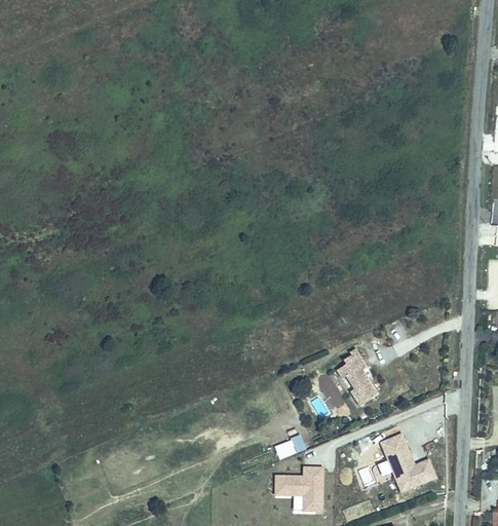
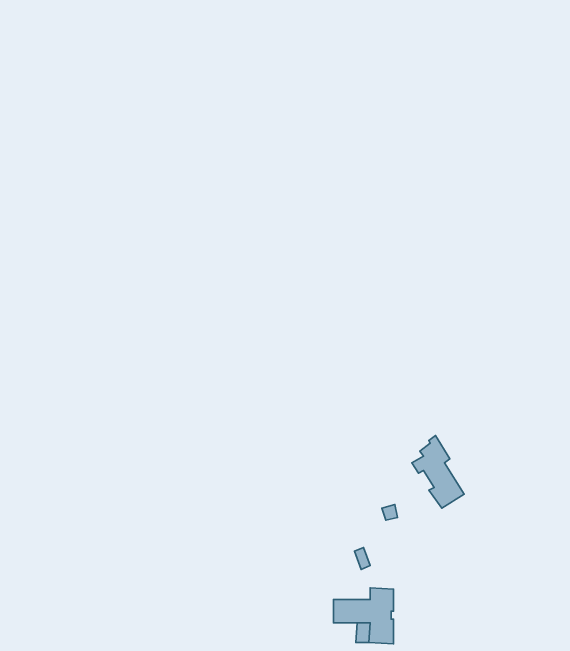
building: [381,434,435,491] -> none

